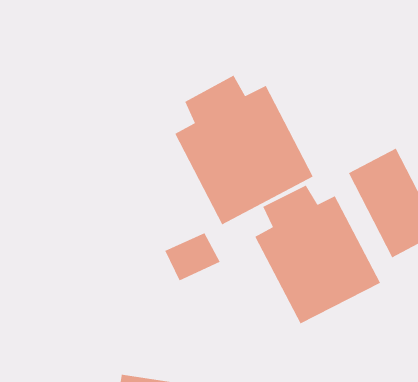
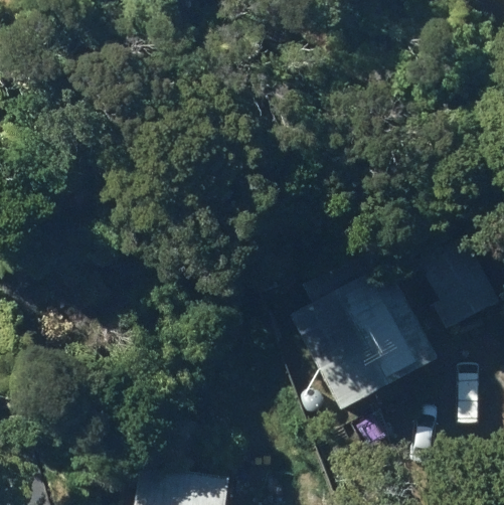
building: [174,75,314,226] -> none

